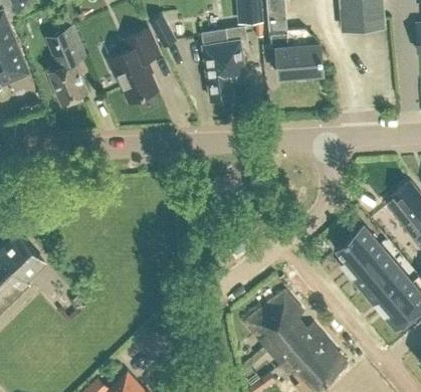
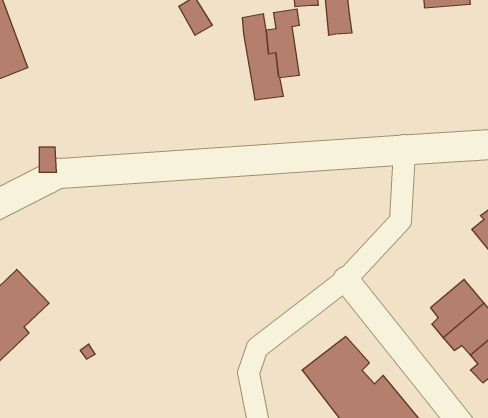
building: [47,26,88,106] -> none
building: [276,29,323,77] -> none
building: [108,30,159,103] -> none
building: [336,225,380,268] -> none

